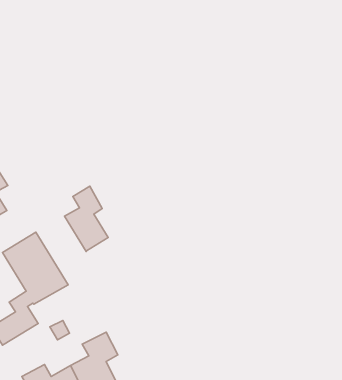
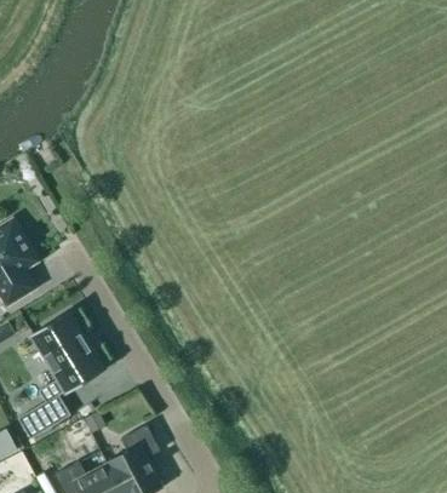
building: [64,186,108,252] -> none

